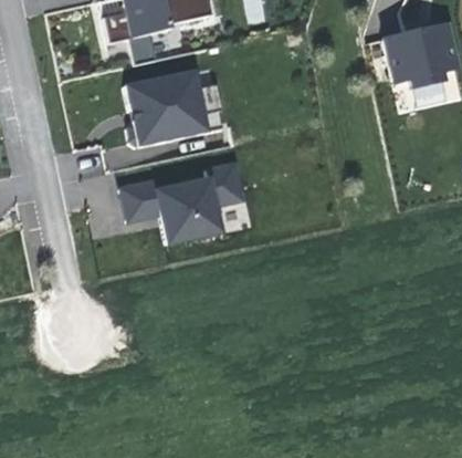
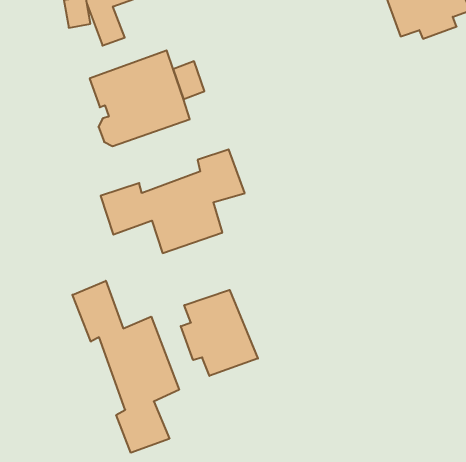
building: none -> [72,281,179,453]
building: none -> [181,290,258,376]

